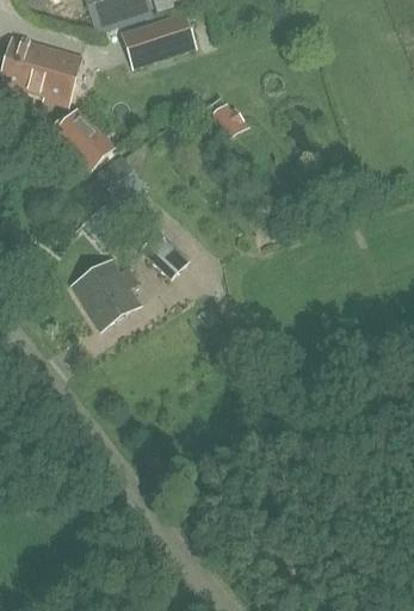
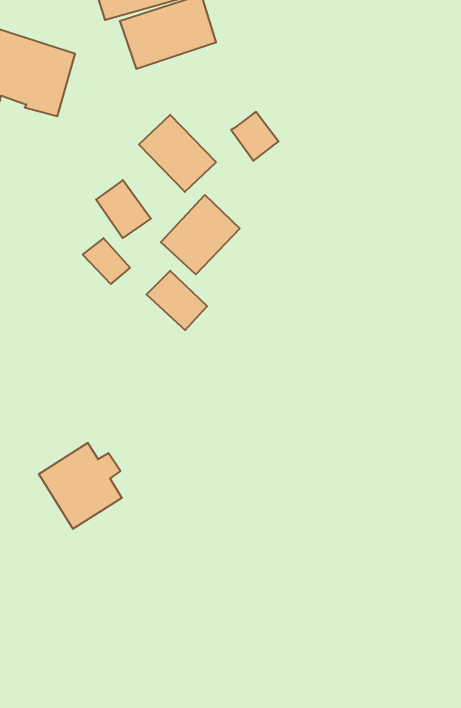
building: [52,109,115,171] -> [139,115,216,192]
building: none -> [161,195,240,274]
building: [72,260,138,329] -> [39,443,122,529]

